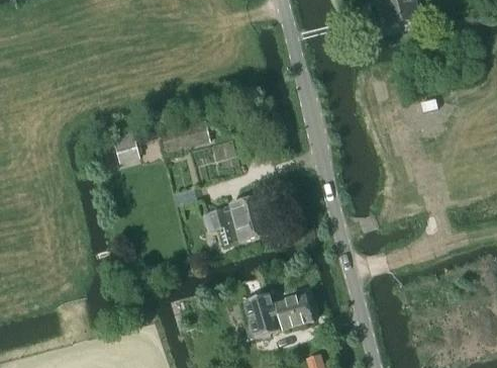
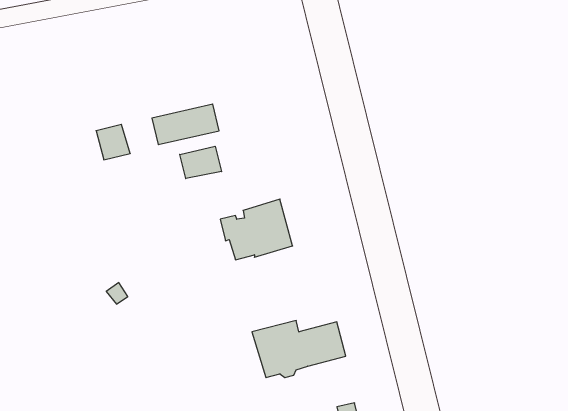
building: none -> [180,146,222,179]

